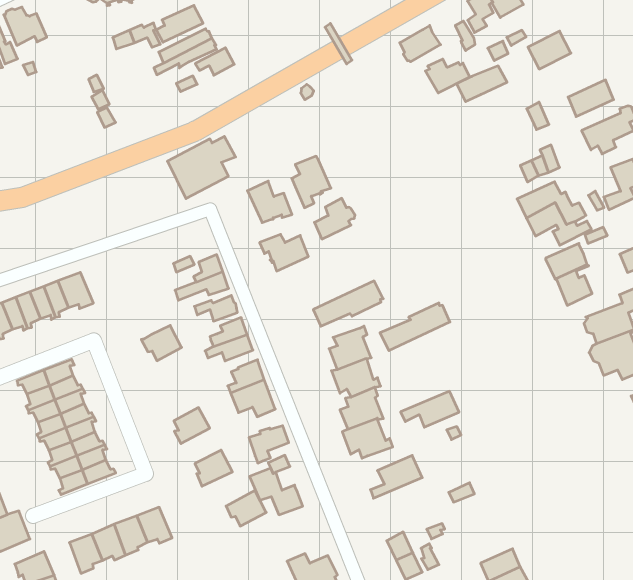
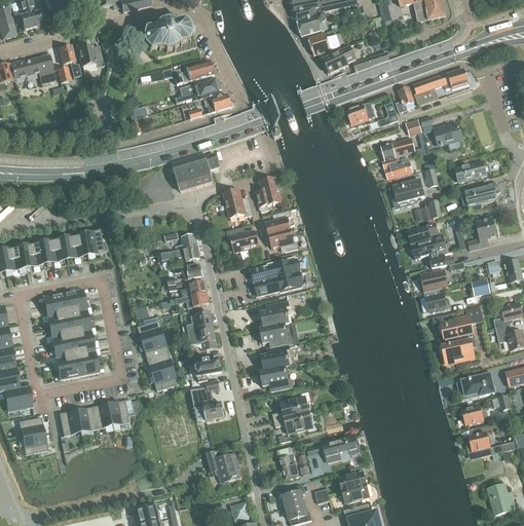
building: [425,59,470,93] -> [381,155,411,178]
building: none -> [392,178,423,202]
building: none -> [268,229,297,252]
building: [380,303,450,351] -> [250,256,299,283]
building: [141,325,182,361] -> [137,320,163,342]
building: [401,391,459,427] -> [272,411,312,433]
building: [226,490,266,526] -> [147,351,174,374]
building: none -> [322,434,357,460]

